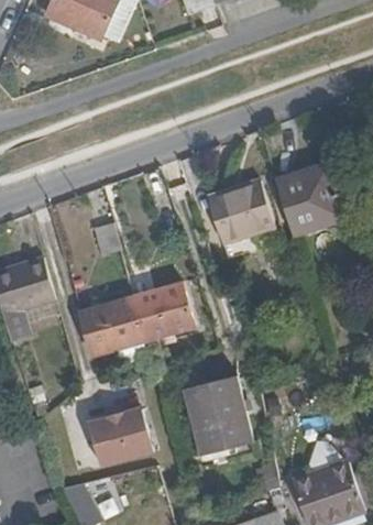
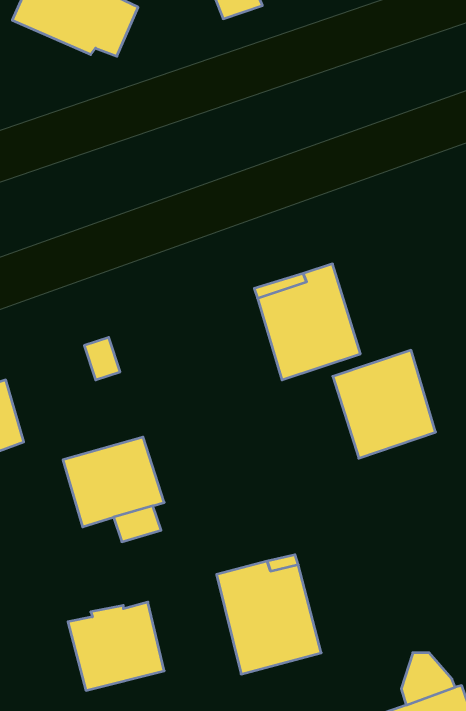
building: [275,163,344,236] -> [333,350,436,458]
building: [133,283,193,340] -> none

